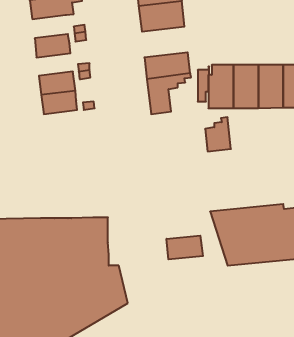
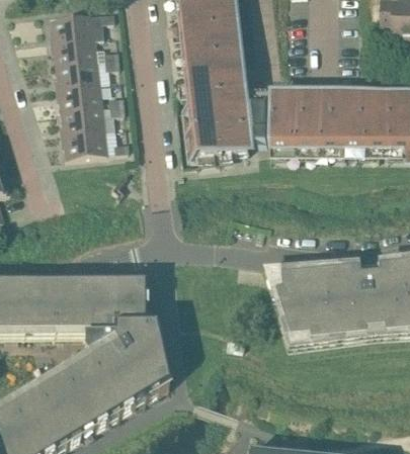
building: none -> [53,30,96,59]
building: none -> [186,44,242,82]
building: none -> [58,77,102,104]
building: [205,117,231,151] -> [219,106,250,148]
building: [167,236,203,259] -> none

